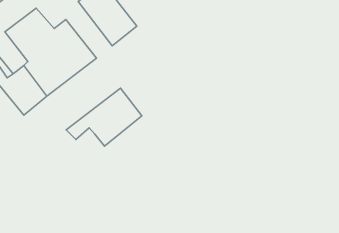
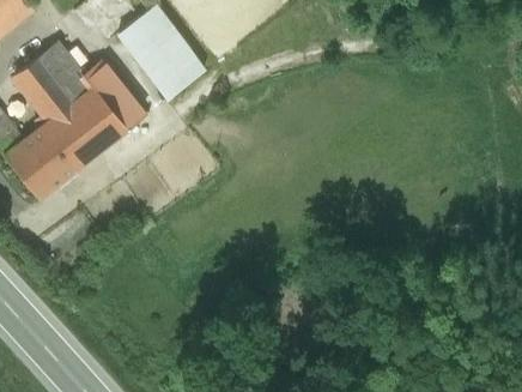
building: [66,88,142,146] -> none

